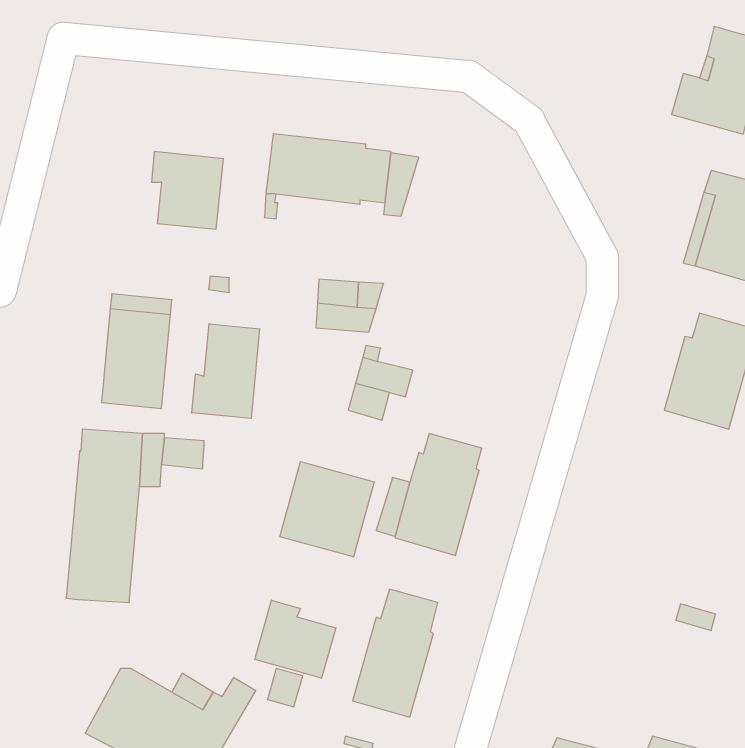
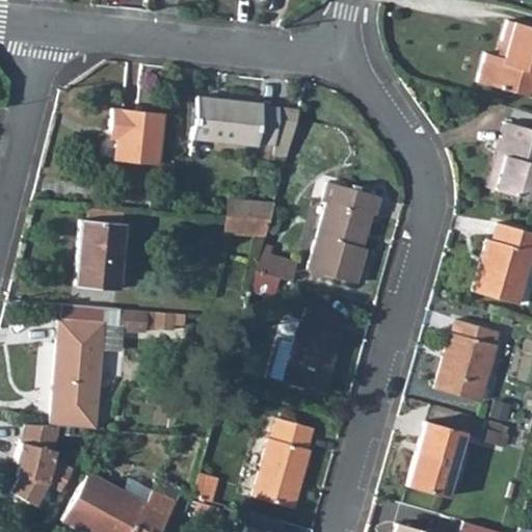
building: none -> [310,183,381,285]
building: [192,324,260,418] -> none
building: none -> [435,320,499,402]
building: [280,462,374,557] -> none
building: none -> [407,422,466,499]
building: none -> [11,424,74,505]
building: [255,600,336,678] -> none

